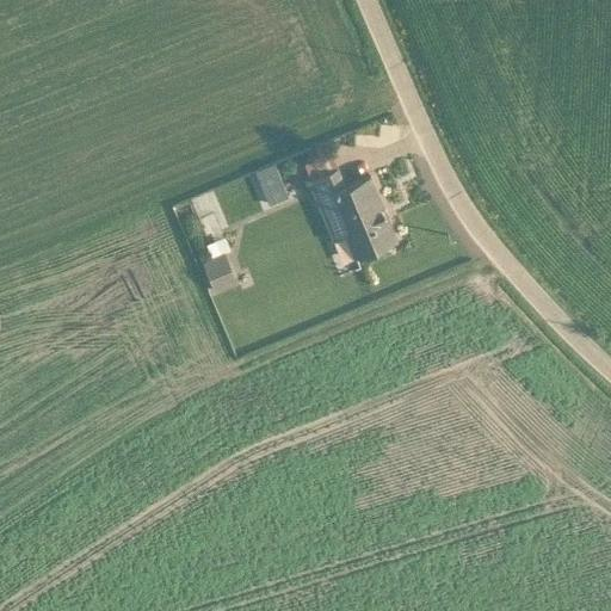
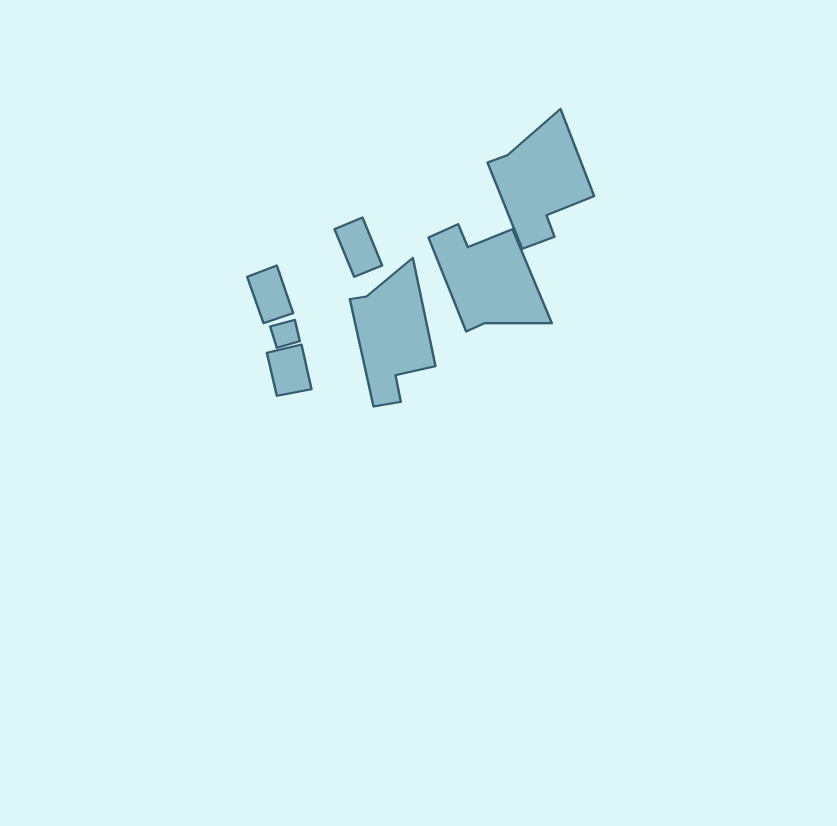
building: none -> [487,109,594,249]
building: none -> [350,258,436,407]

